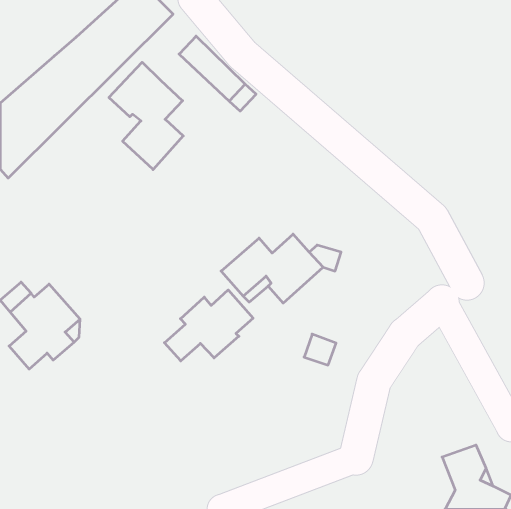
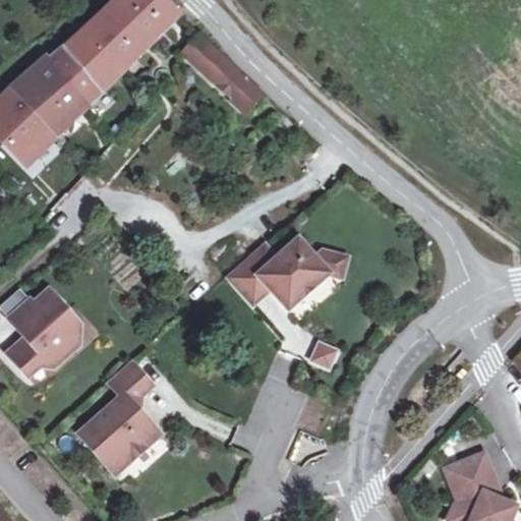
building: [109,62,183,170] -> none
building: [164,290,253,361] -> none
building: none -> [79,360,161,473]

